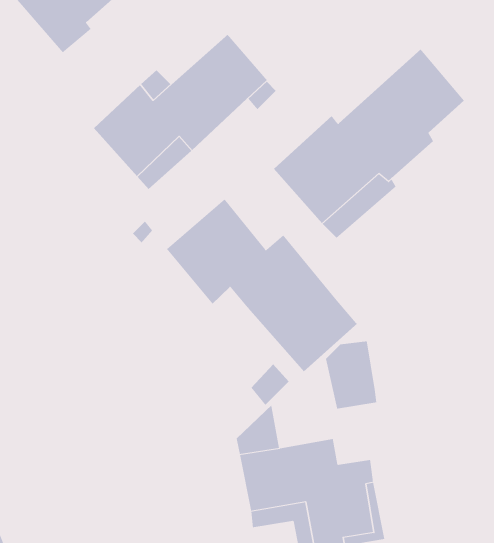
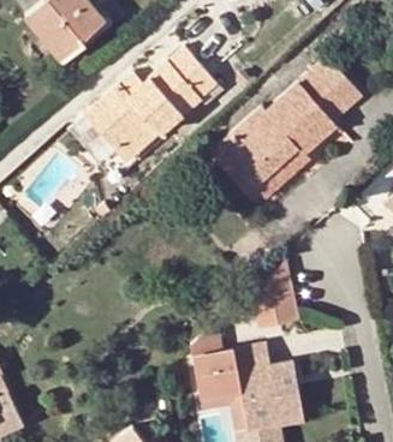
building: [166,198,358,372] -> none

